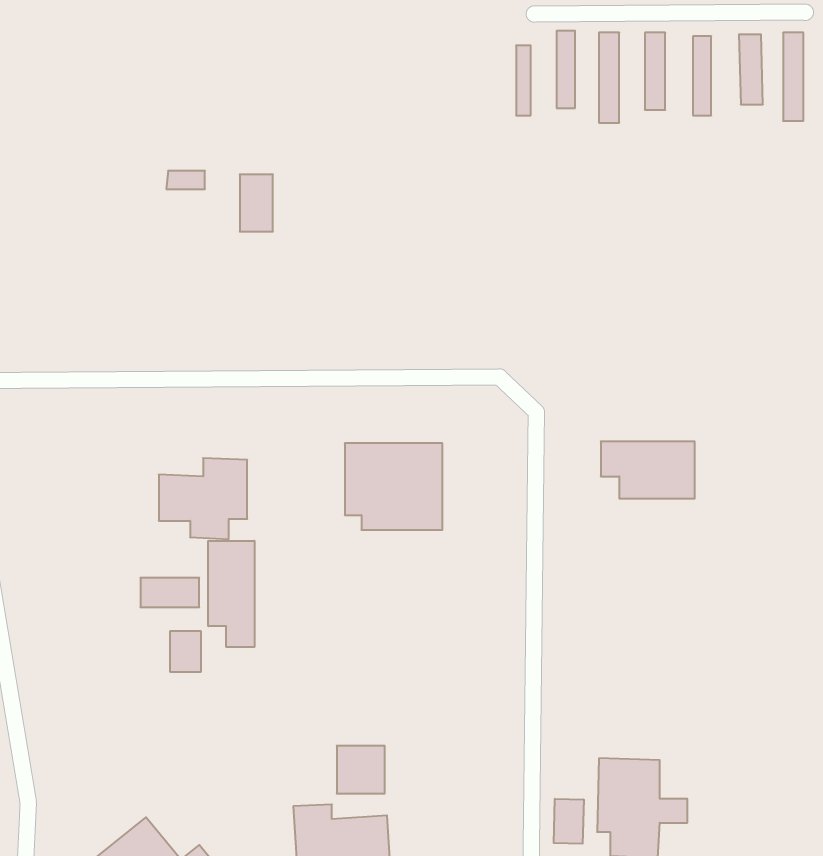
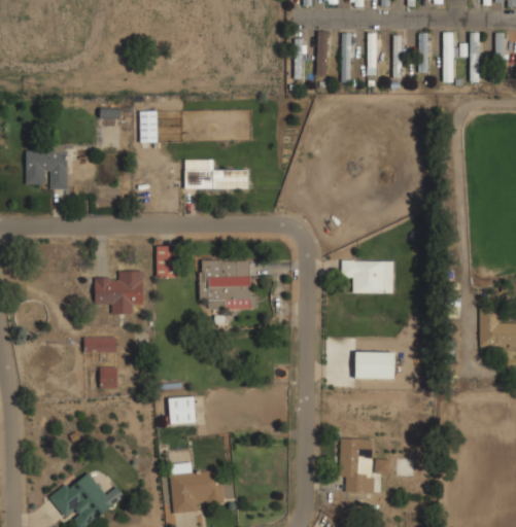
building: none -> [25,149,67,189]
building: none -> [183,160,248,189]
building: none -> [156,247,172,277]
building: [208,541,254,647] -> none
building: none -> [354,351,395,379]
building: [337,746,385,794] -> [169,397,196,424]
building: [554,799,584,844] -> none

